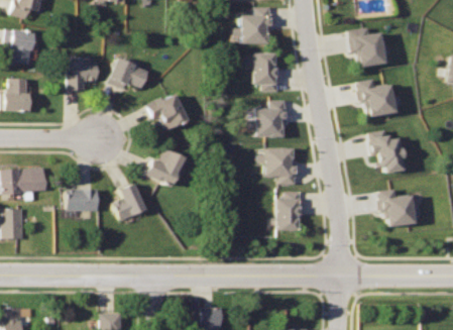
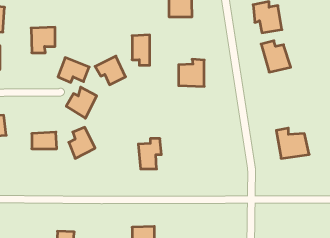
building: [253,52,275,91] -> [132,35,150,65]
building: [111,61,150,92] -> [58,58,89,82]
building: [370,132,405,175] -> none
building: [264,145,295,183] -> none
building: [147,150,186,190] -> [66,87,97,118]
building: [272,190,302,228] -> [138,139,161,169]

